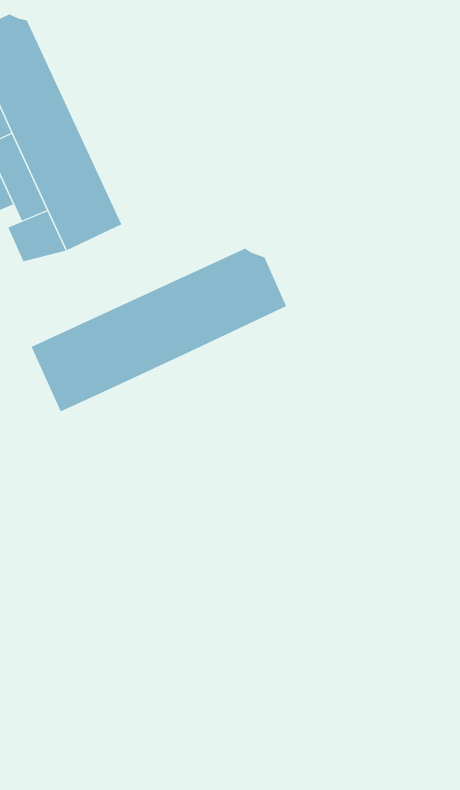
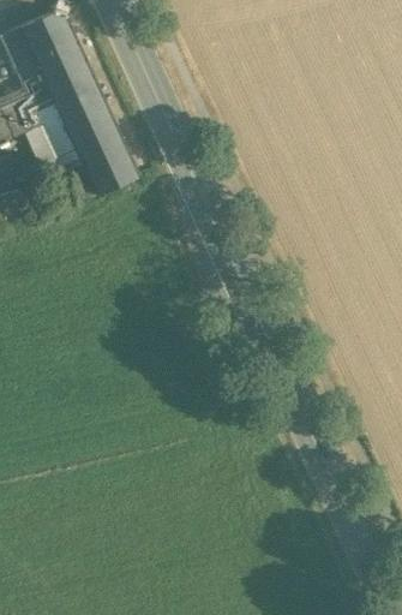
building: [31,248,287,412] -> none

